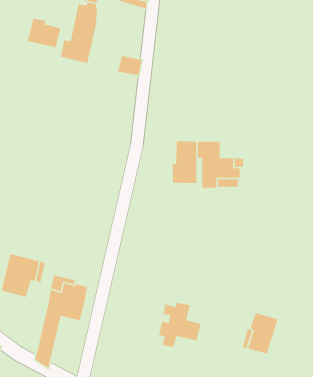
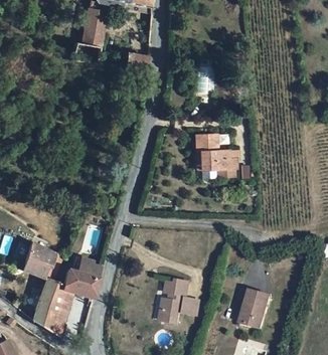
building: [27,18,61,48] -> none
building: [172,140,197,184] -> none
building: none -> [33,276,60,331]

